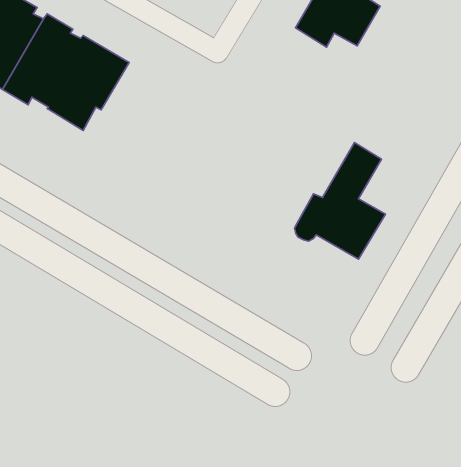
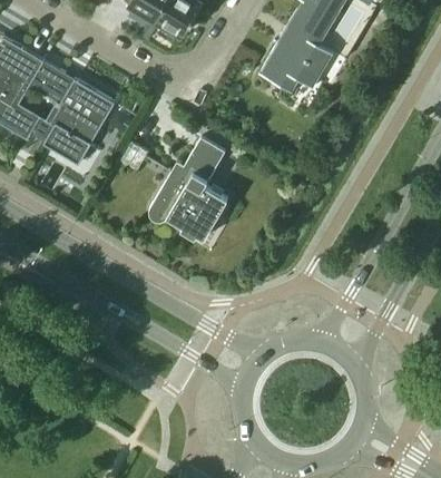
building: [294,142,385,259] -> [148,137,227,238]

